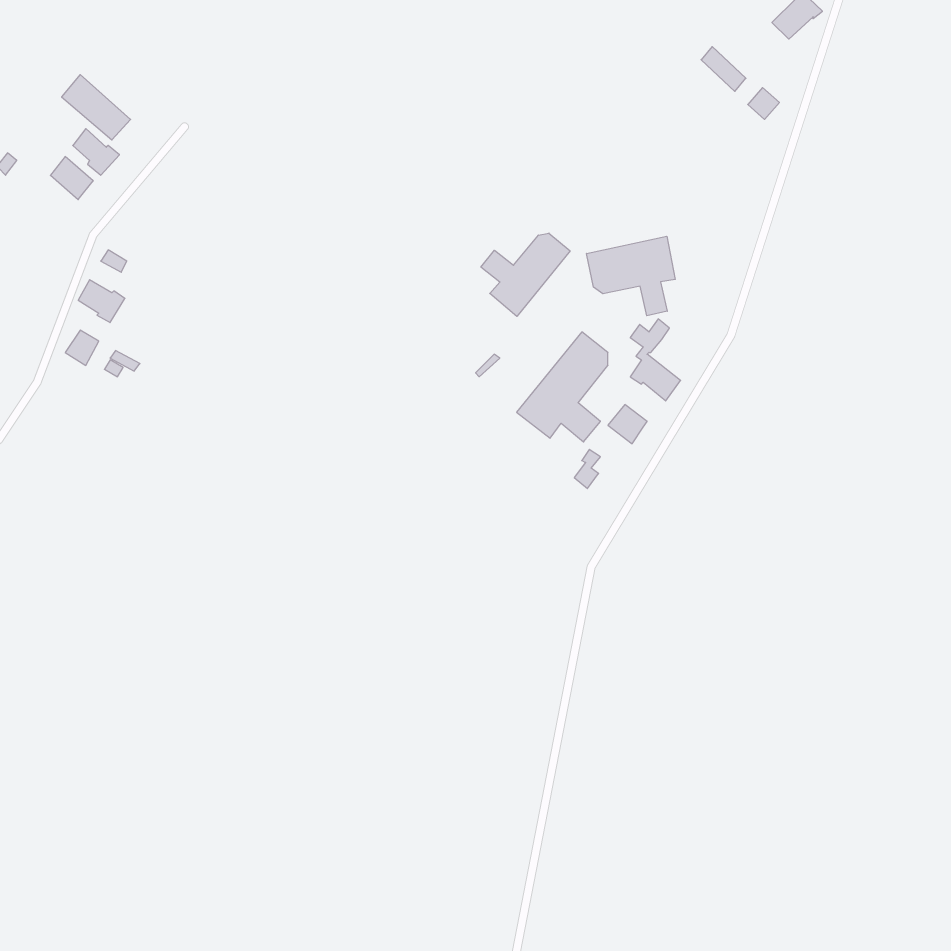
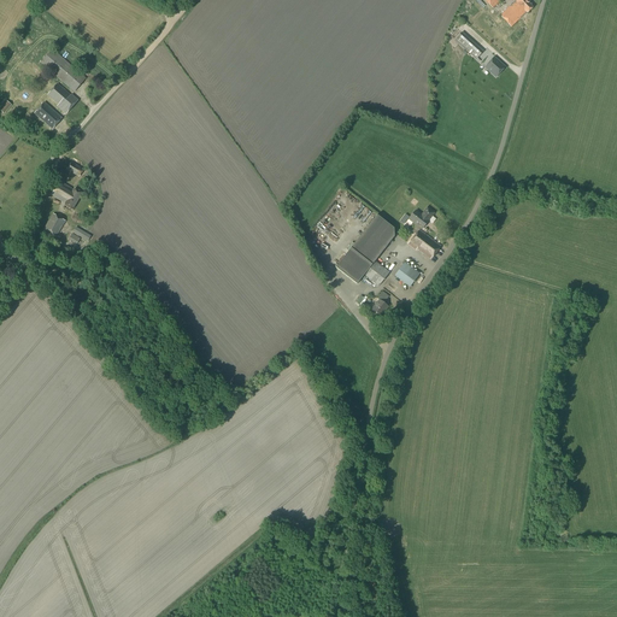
building: [481,233,570,316] -> none
building: [587,236,675,316] -> none

